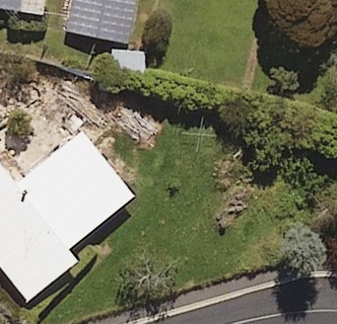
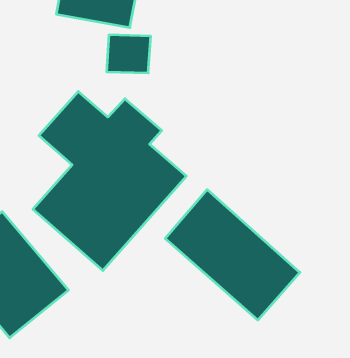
building: none -> [165,190,300,320]

